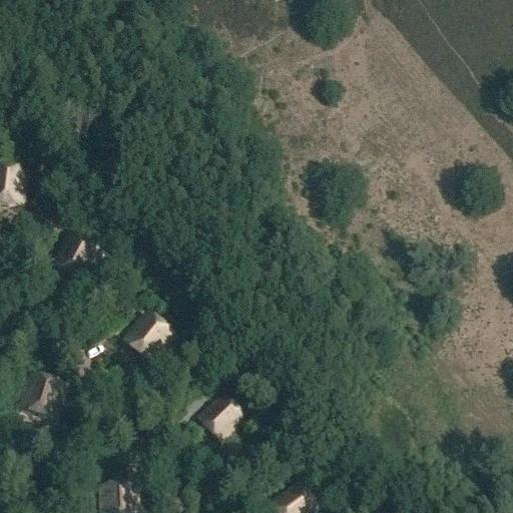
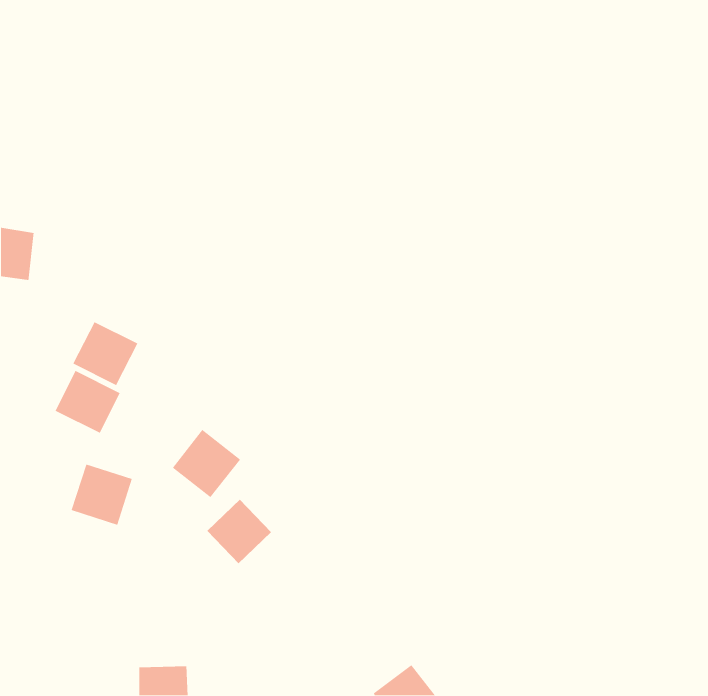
building: none -> [55,370,121,434]
building: [20,372,65,417] -> [71,463,133,526]
building: [197,393,244,440] -> [207,499,272,564]

